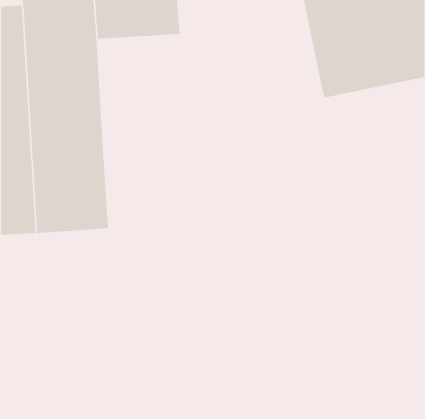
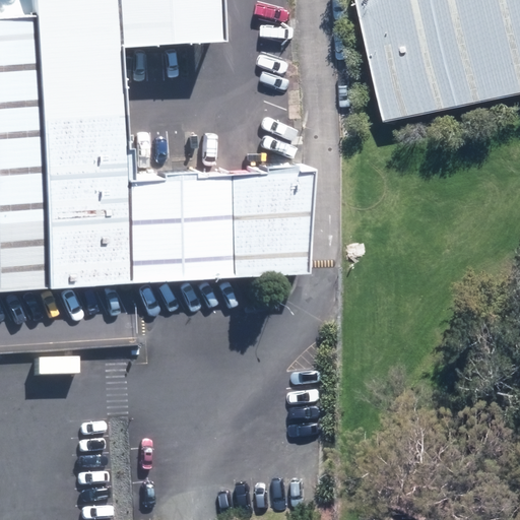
building: none -> [127,174,308,279]

